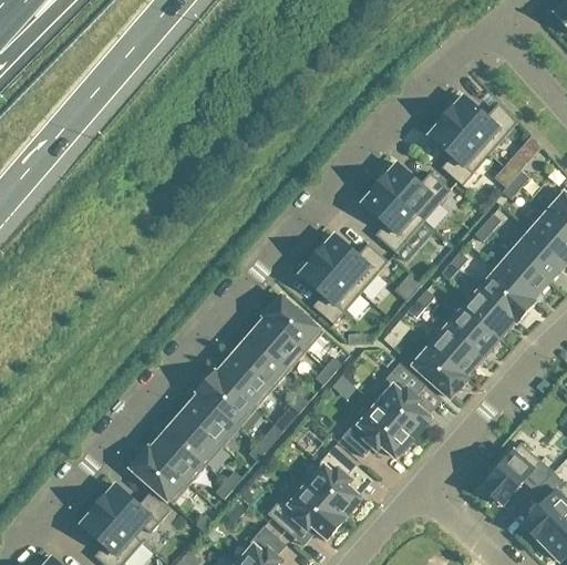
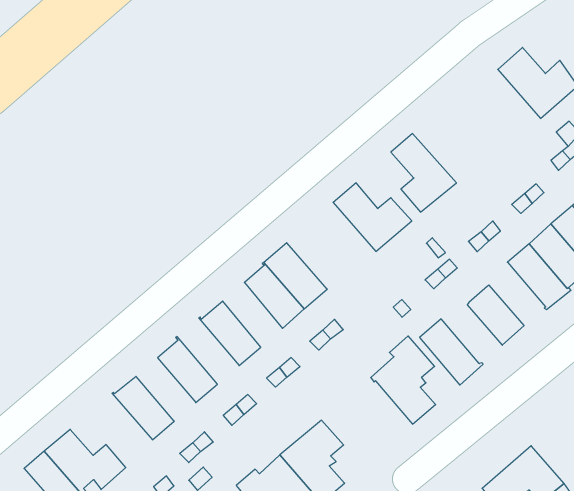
building: [427,117,487,185] -> none
building: [378,163,450,222] -> none
building: [299,254,360,323] -> none
building: [458,285,515,338] -> none
building: [425,321,482,377] -> none
building: [233,335,288,389] -> none
building: [197,371,255,427] -> none
building: [340,404,413,458] -> none
building: [166,411,221,464] -> none
building: [130,448,188,503] -> none

